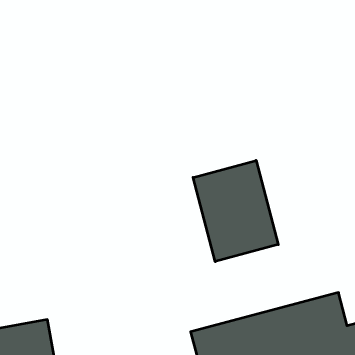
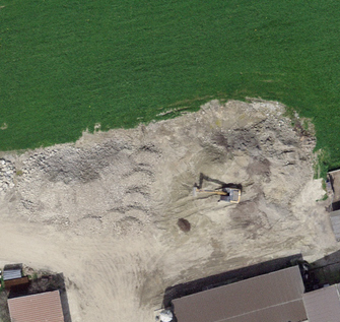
building: [193,160,278,262] -> none

